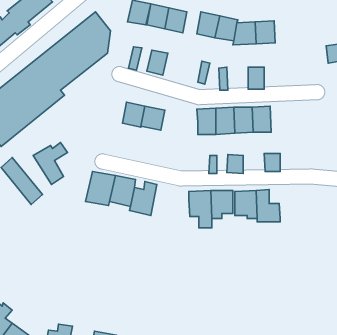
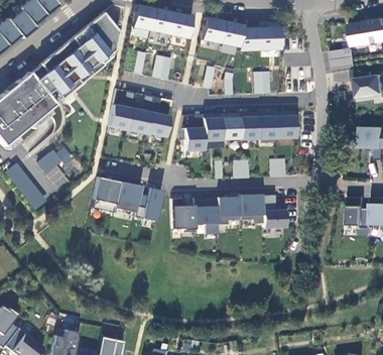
building: none -> [108,104,131,129]
building: none -> [275,110,294,137]
building: none -> [177,126,204,149]
building: none -> [169,197,195,231]

